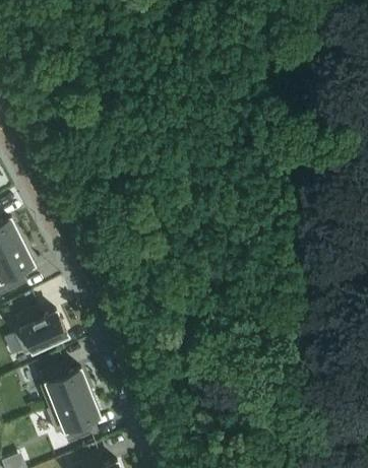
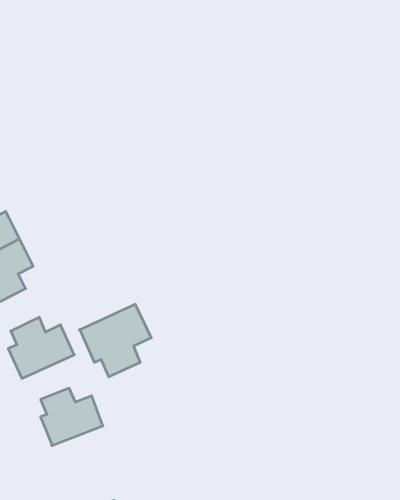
building: none -> [79,304,151,377]
building: [47,395,100,445] -> none

